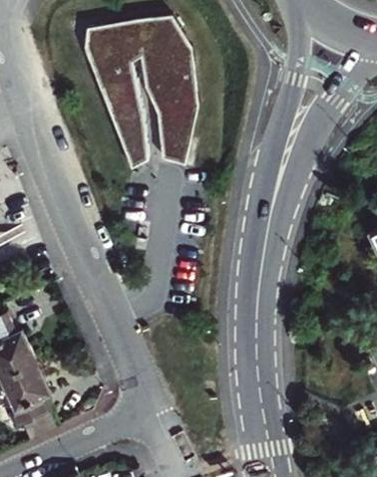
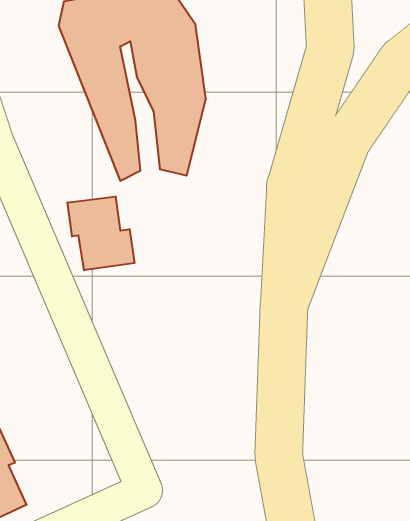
building: none -> [67,196,134,270]

